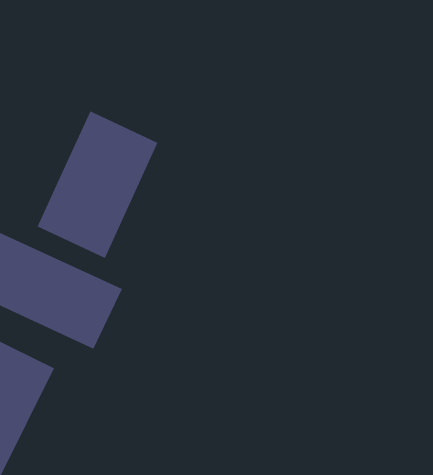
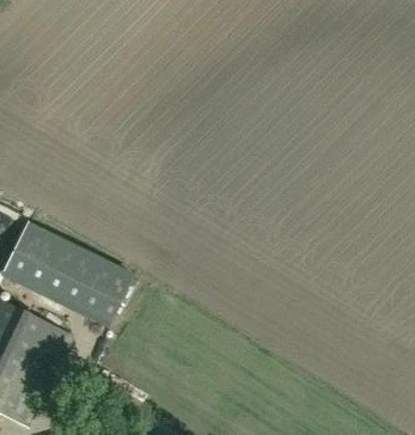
building: [37,110,158,259] -> none

